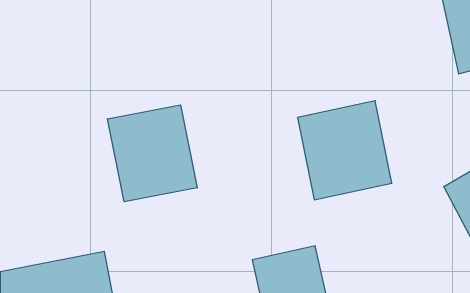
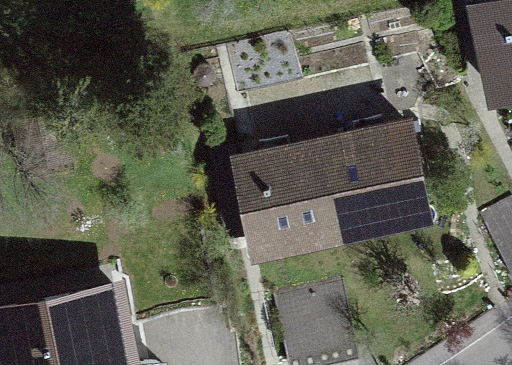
building: [107,105,197,202] -> none
building: none -> [238,142,340,249]

